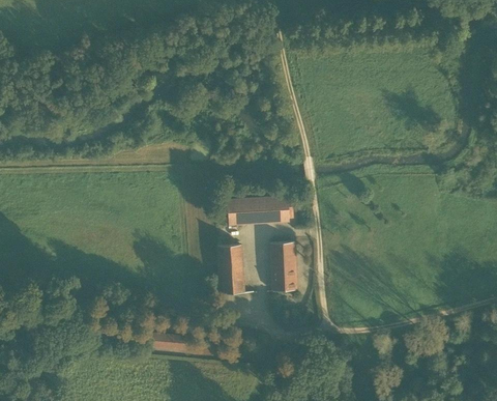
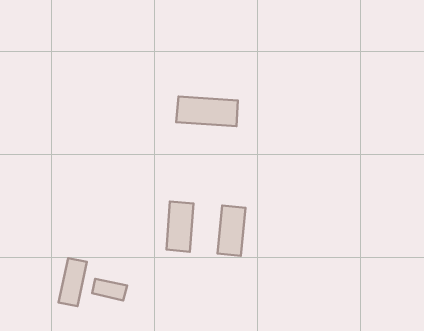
building: [230,196,292,226] -> [176,97,238,126]
building: none -> [59,258,87,306]

